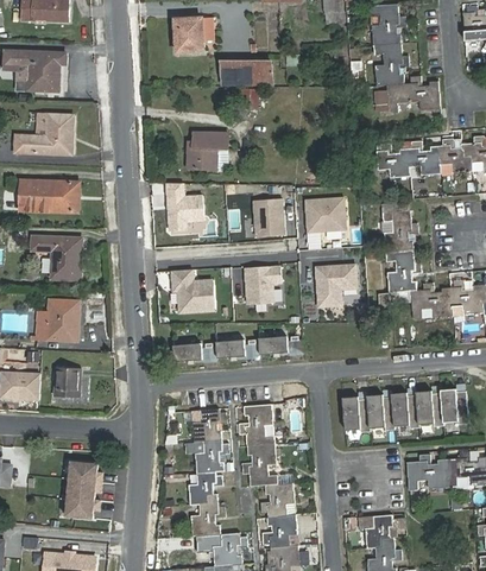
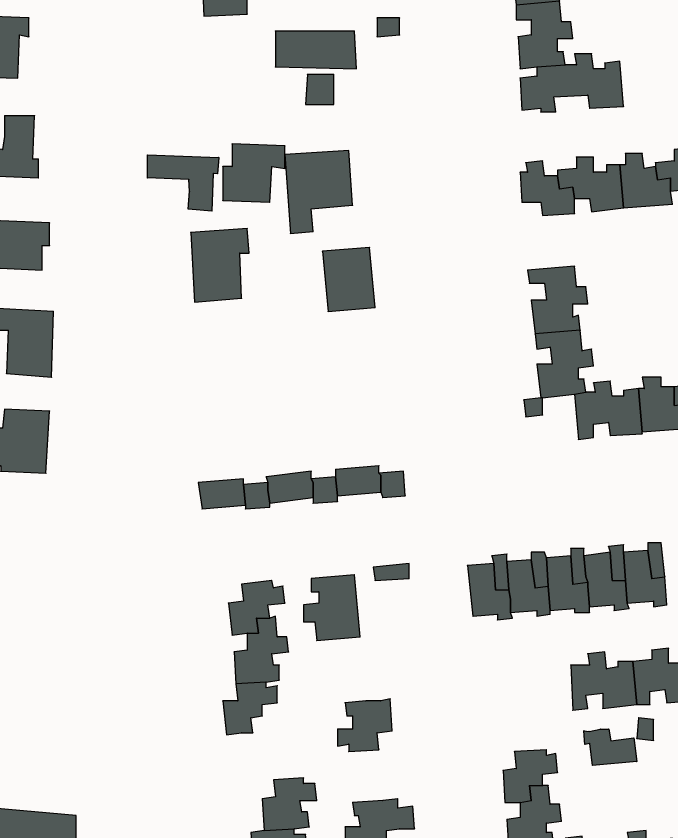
building: none -> [147,155,219,211]
building: [303,196,346,248] -> [285,151,353,233]
building: [313,262,356,307] -> none
building: [242,265,282,305] -> none
building: [168,267,212,309] -> none
building: [53,367,81,396] -> none
building: [242,443,278,486] -> none
building: [62,458,102,518] -> none
building: [190,493,226,535] -> none
building: none -> [584,729,637,765]
building: [263,513,297,547] -> none

